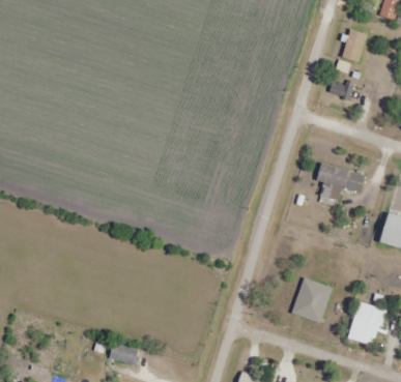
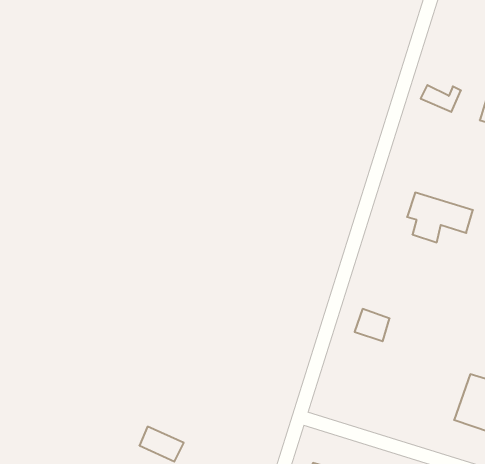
building: [342,29,369,63] -> none
building: [294,288,321,313] -> [355,309,390,341]

